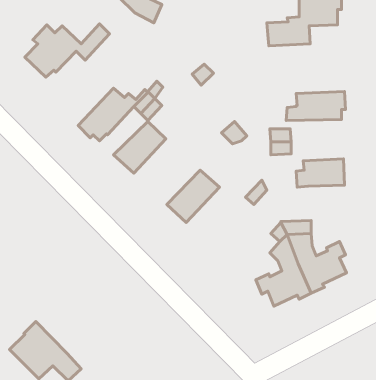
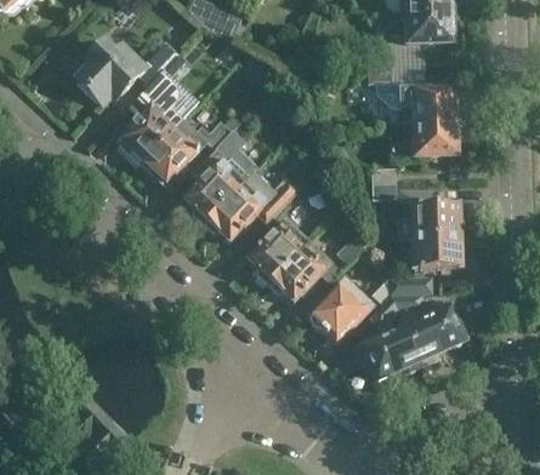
building: none -> [366,65,460,125]
building: none -> [120,70,182,164]
building: none -> [206,170,297,242]
building: none -> [413,235,461,268]
building: none -> [269,238,332,303]
building: none -> [308,276,374,343]

